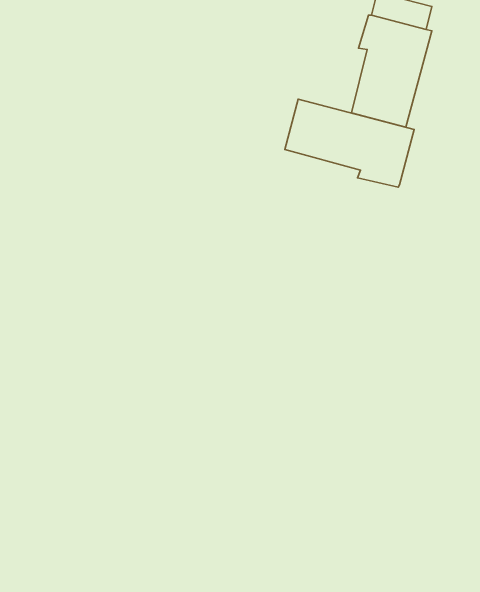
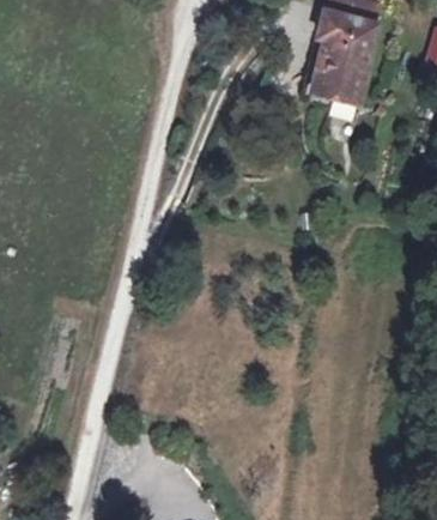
building: [285,99,414,187] -> none

